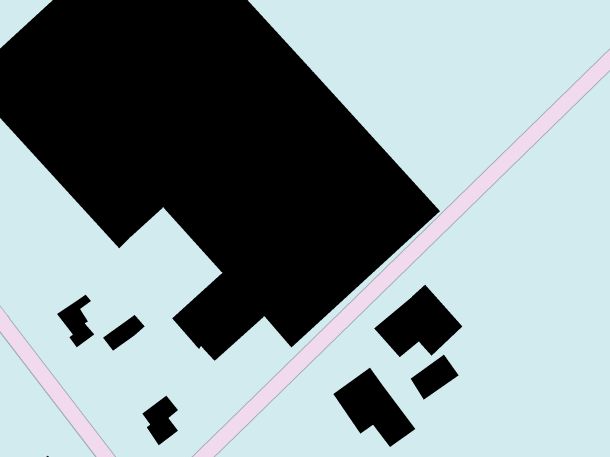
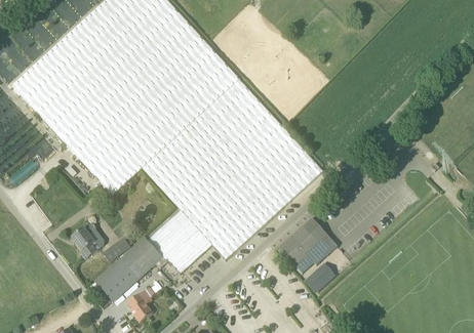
building: none -> [94,238,162,301]
building: [332,367,417,448] -> none

